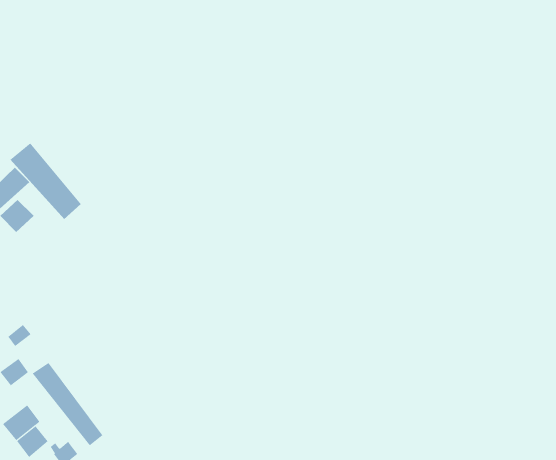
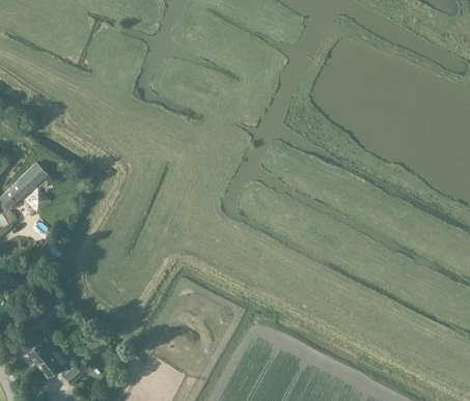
building: [9,142,81,220] -> none
building: [32,362,103,446] -> none

